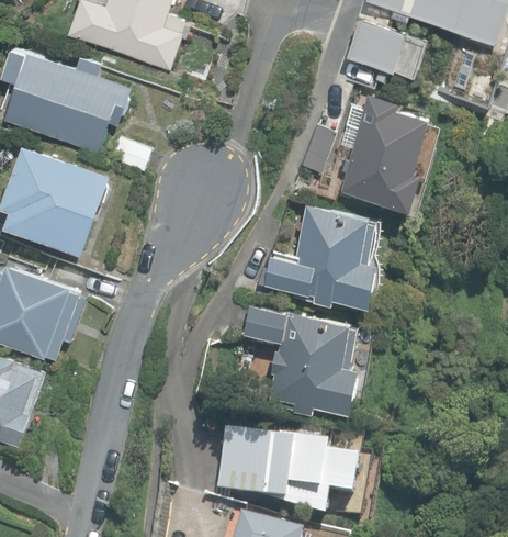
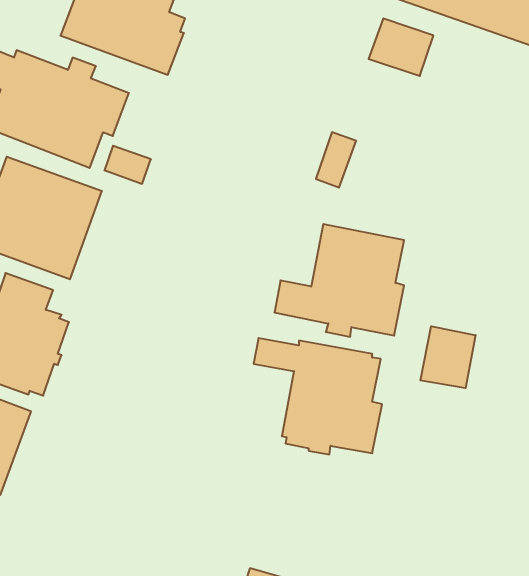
building: [340,96,440,211] -> none
building: none -> [420,326,476,388]
building: [215,430,359,517] -> none

